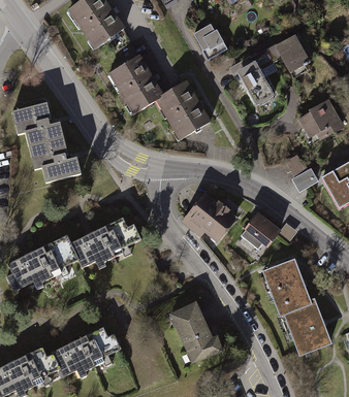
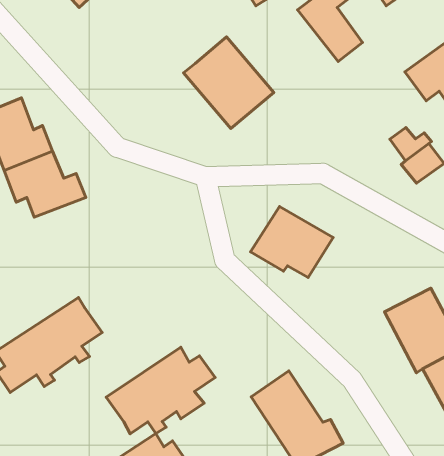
building: [105,53,162,112] -> none
building: [240,211,282,249] -> none
building: [69,216,141,269] -> [106,347,215,434]

